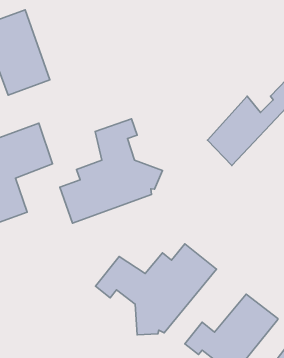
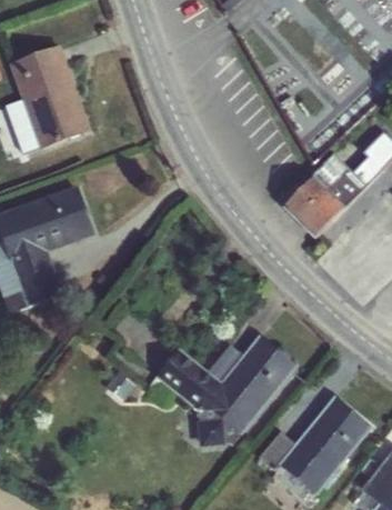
building: [60,119,163,223] -> none

